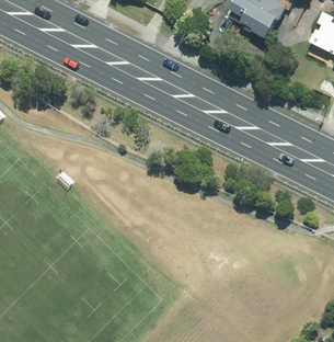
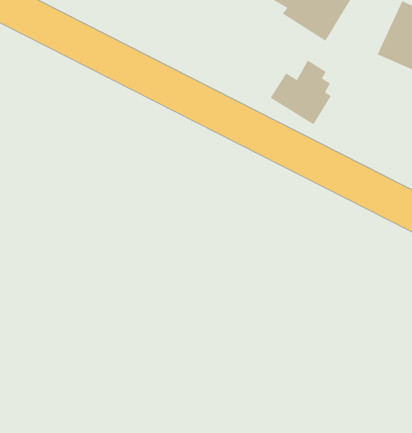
building: none -> [270,60,332,125]

